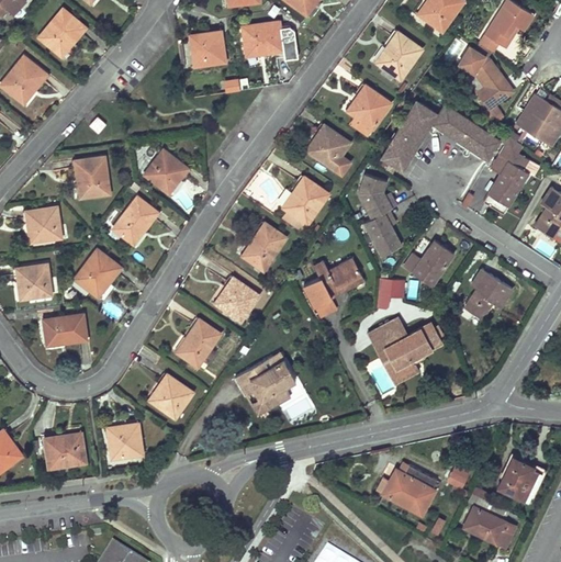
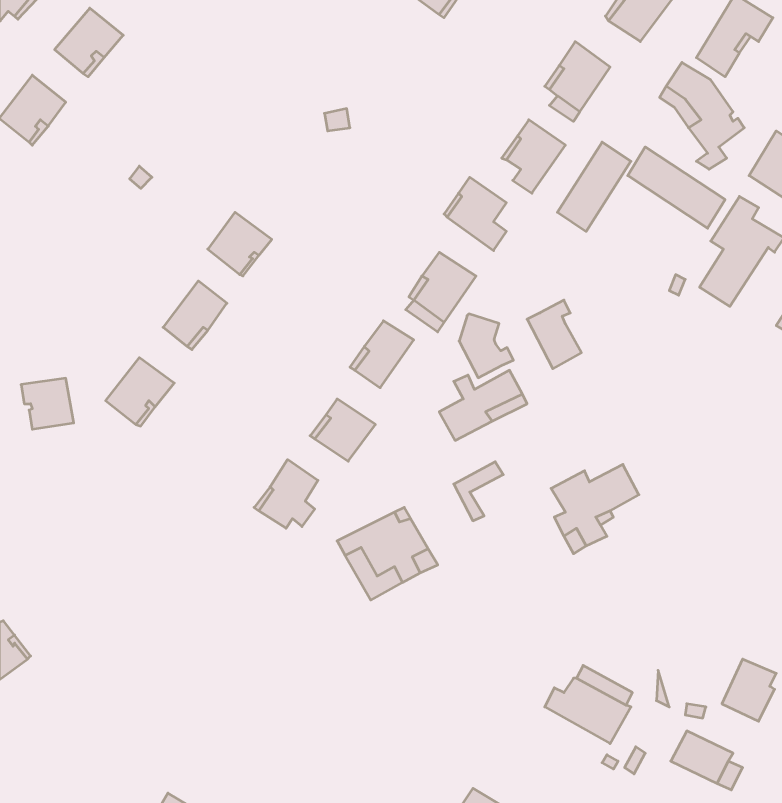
building: [242,21,298,60] -> none
building: [190,32,225,67] -> none
building: [75,157,110,196] -> none
building: [359,175,396,218] -> [459,314,513,378]
building: [25,206,60,241] -> none
building: [404,240,455,285] -> none
building: [464,268,513,318] -> none
building: [378,279,404,299] -> none
building: [43,314,86,342] -> none
building: [369,318,403,359] -> [454,462,503,521]
building: [149,374,192,418] -> none
building: [106,423,143,458] -> none
building: [44,435,86,467] -> none

